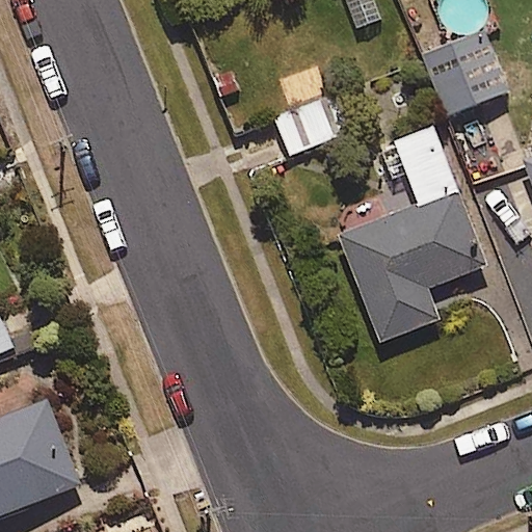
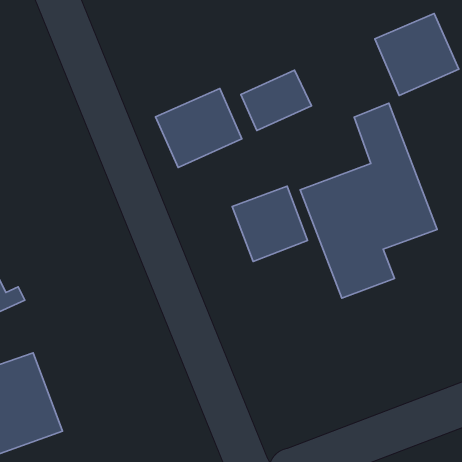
building: none -> [155,89,242,168]
building: none -> [232,186,307,261]

